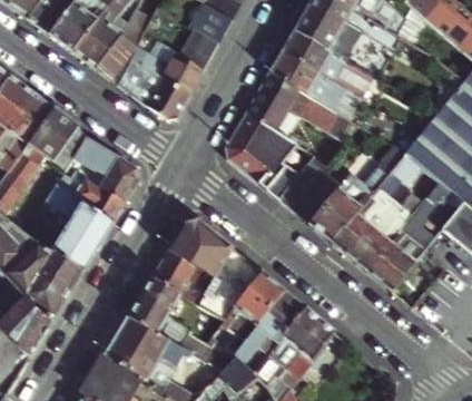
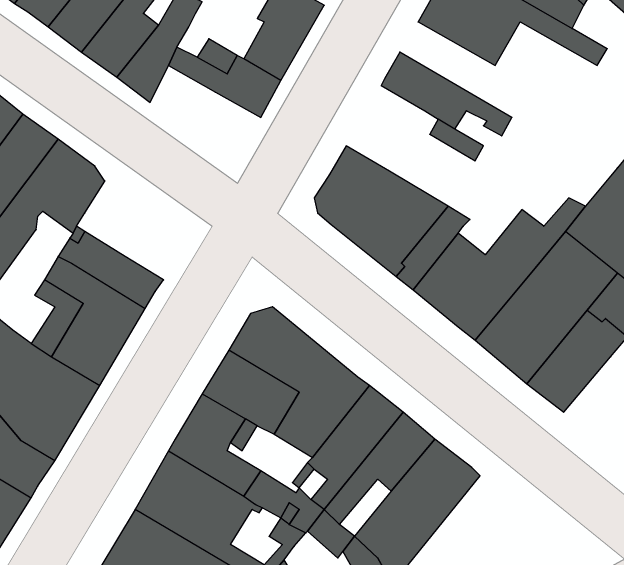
building: [283,29,376,96] -> none
building: [117,58,190,118] -> none
building: [247,71,299,128] -> none
building: [73,135,139,200] -> none

